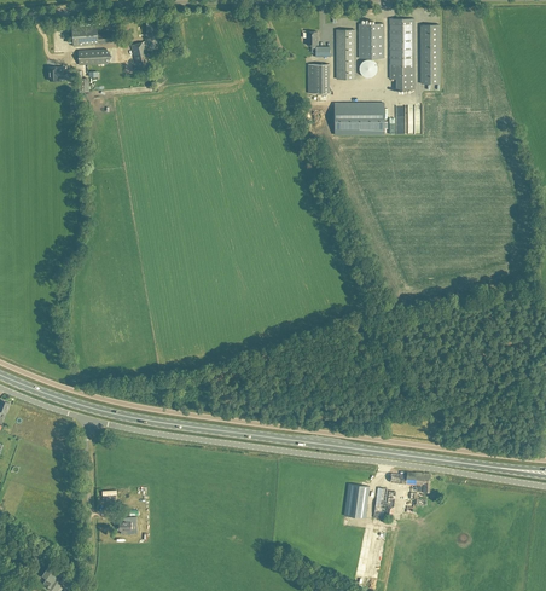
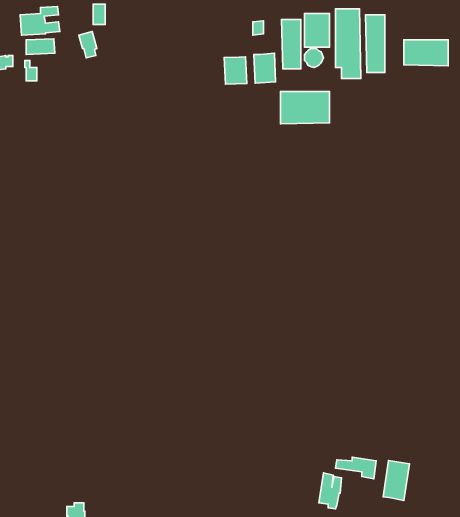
building: none -> [404,40,448,66]
building: none -> [224,57,247,84]
building: none -> [383,460,409,500]
building: [343,483,368,518] -> none

